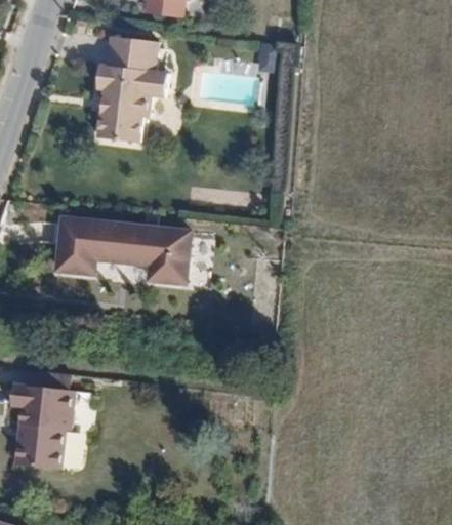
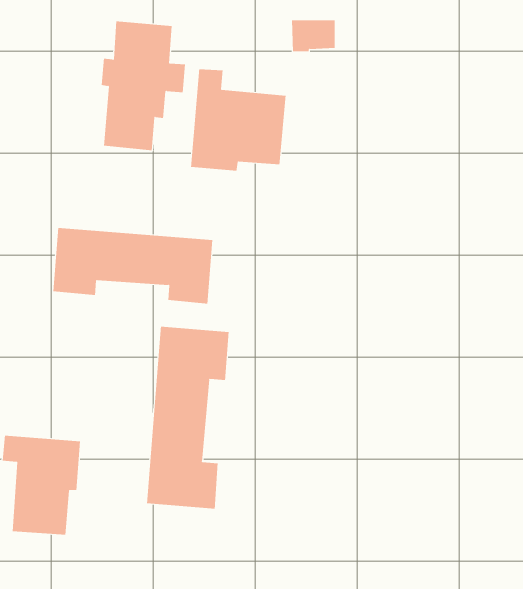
building: none -> [191,69,286,172]
building: none -> [146,326,229,509]

